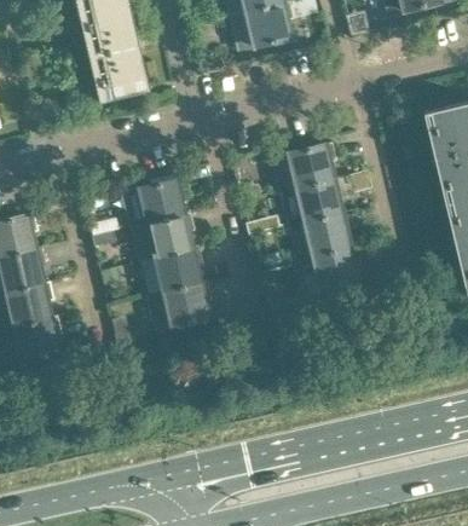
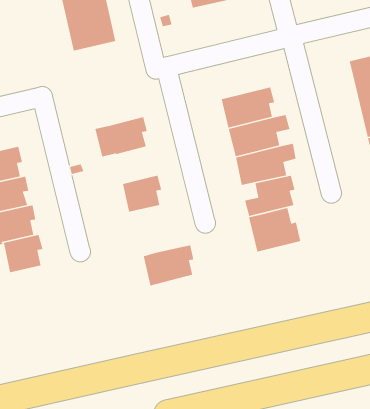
building: [133,212,195,260] -> none
building: [150,281,210,330] -> [143,244,194,286]
building: none -> [248,207,301,252]

